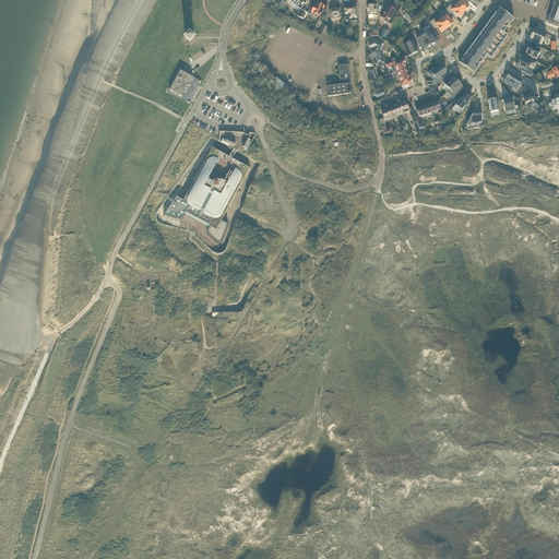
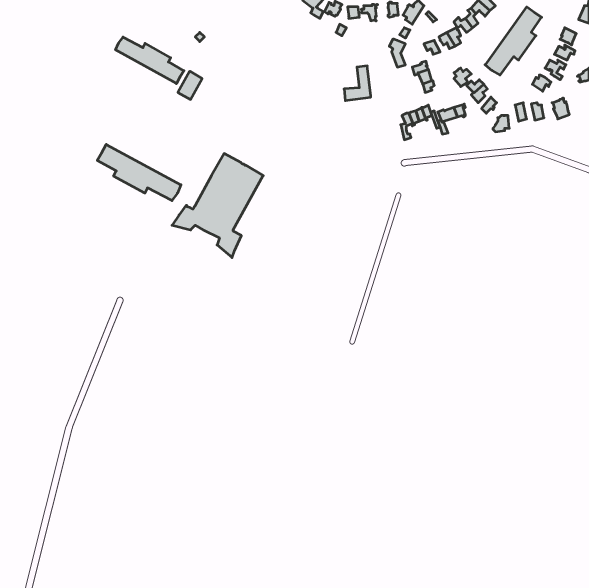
building: none -> [116,37,184,84]
building: none -> [97,144,181,201]

